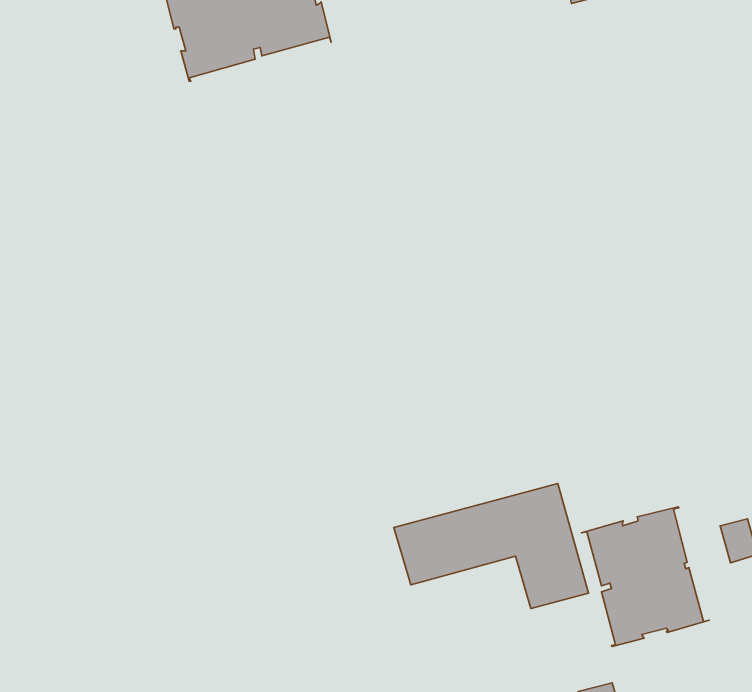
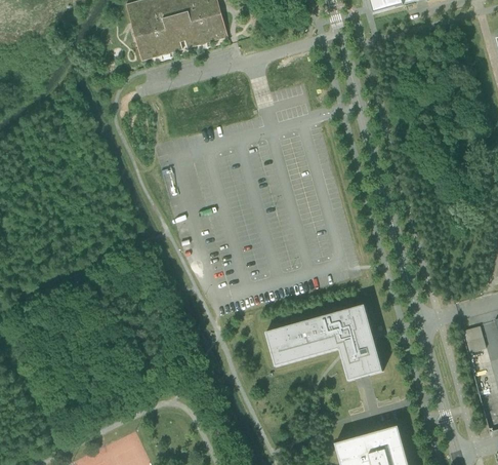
building: [581,507,709,647] -> none

